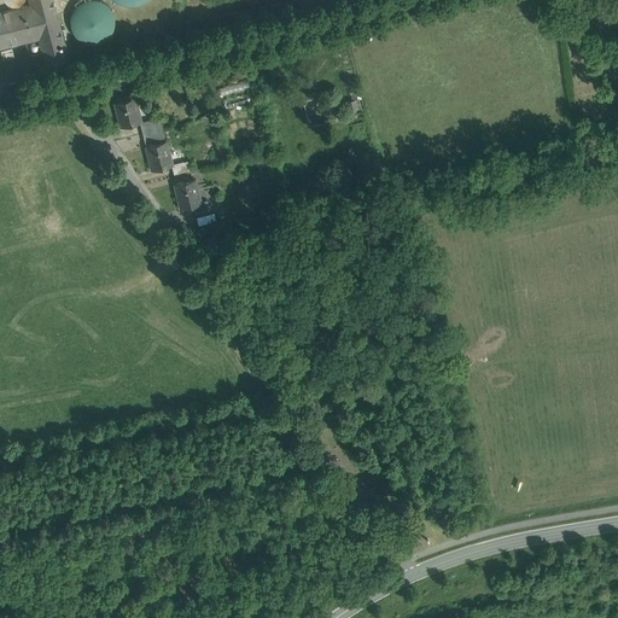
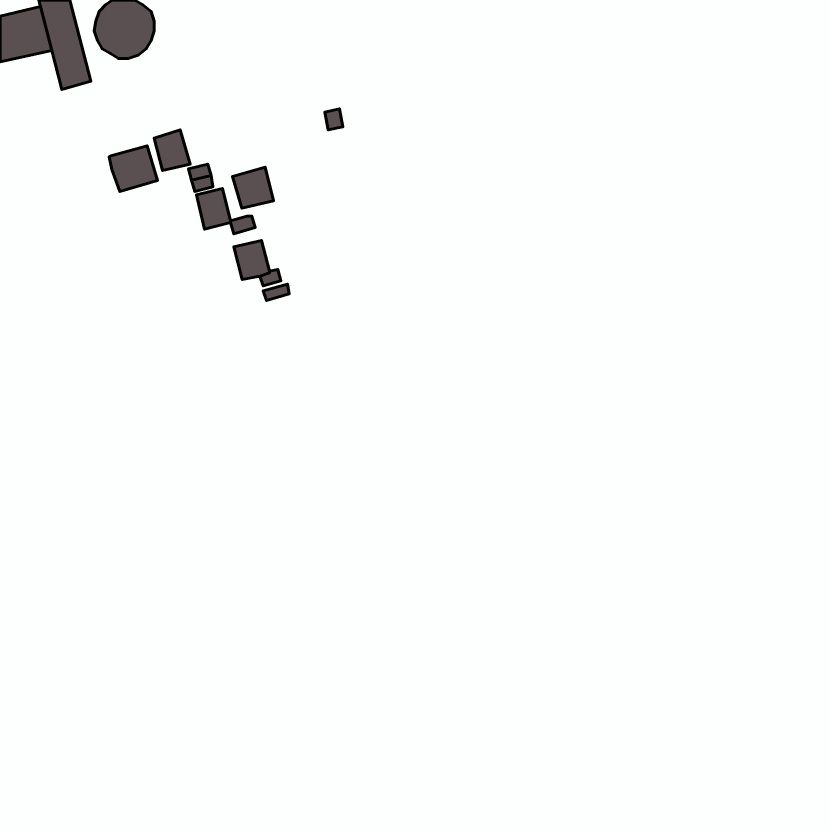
building: none -> [109,146,158,191]
building: none -> [233,167,273,208]

